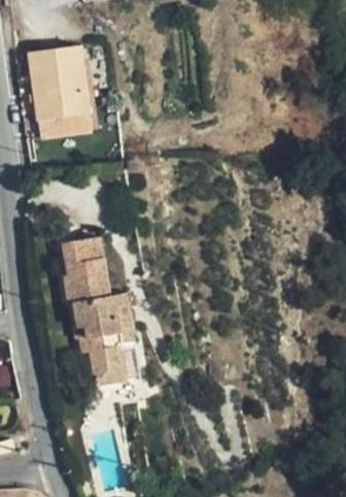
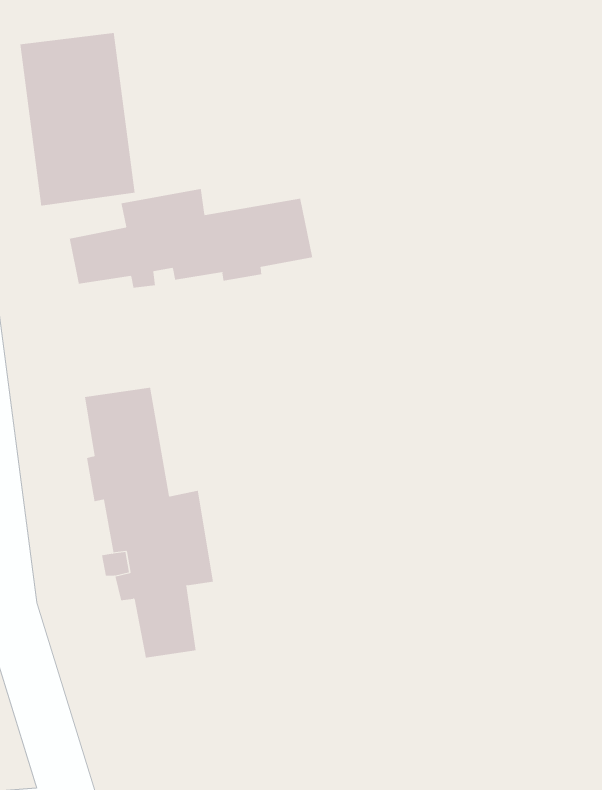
building: none -> [69,188,313,288]

